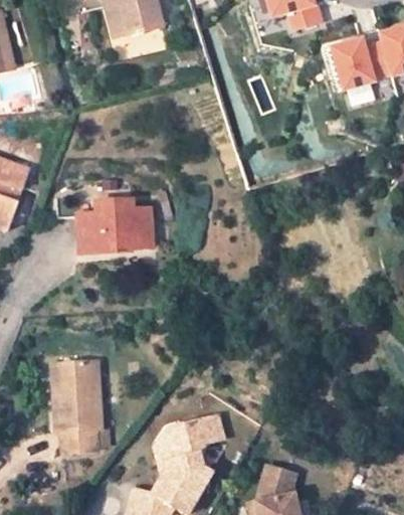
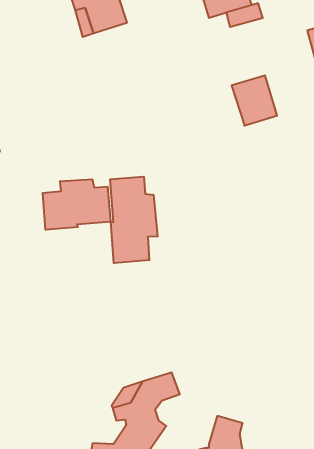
building: [320,40,370,96] -> [232,76,277,126]
building: none -> [110,177,158,263]
building: [54,363,100,451] -> none

